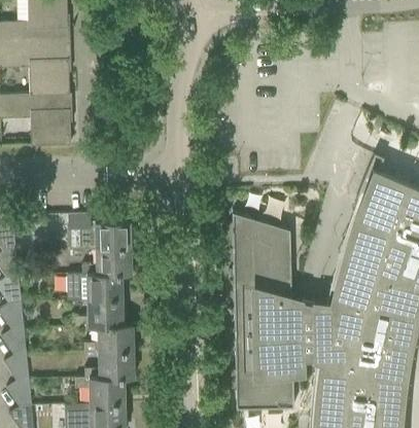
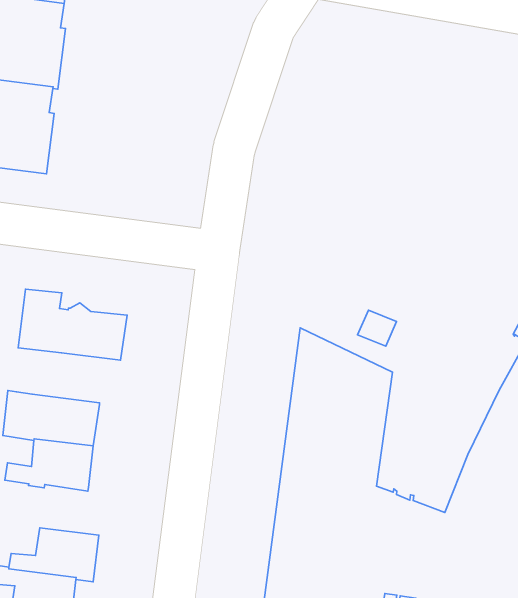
building: [82,247,132,275] -> none
building: [84,324,134,354] -> none

